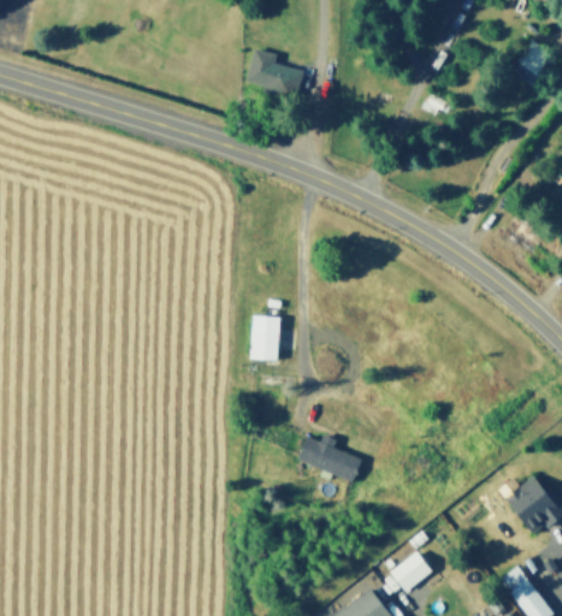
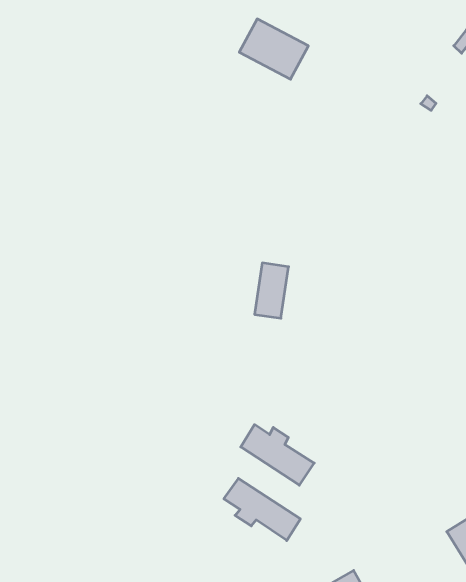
building: [245,313,271,362] -> [255,263,289,318]
building: none -> [224,478,300,541]

